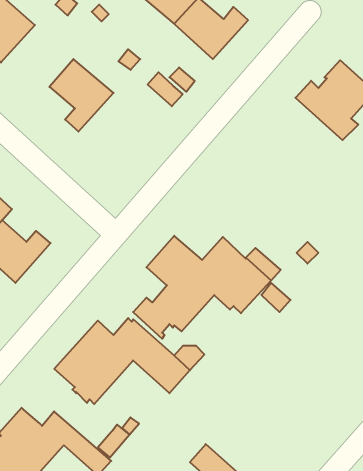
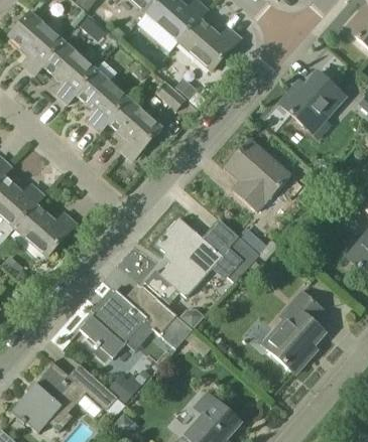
building: none -> [42,42,95,103]
building: none -> [107,99,160,160]
building: none -> [223,138,290,211]
building: none -> [257,289,325,374]

